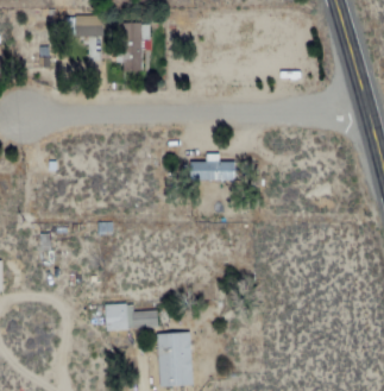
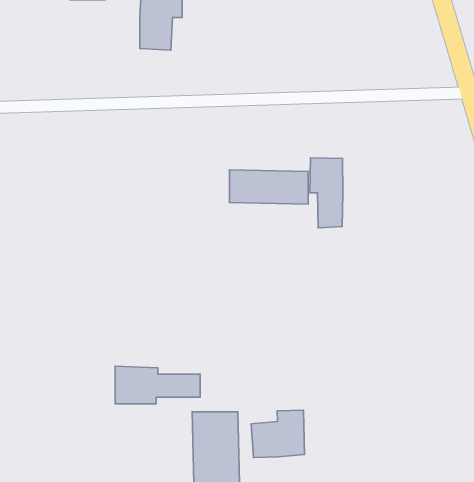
building: none -> [310,158,343,228]
building: none -> [251,410,304,457]

